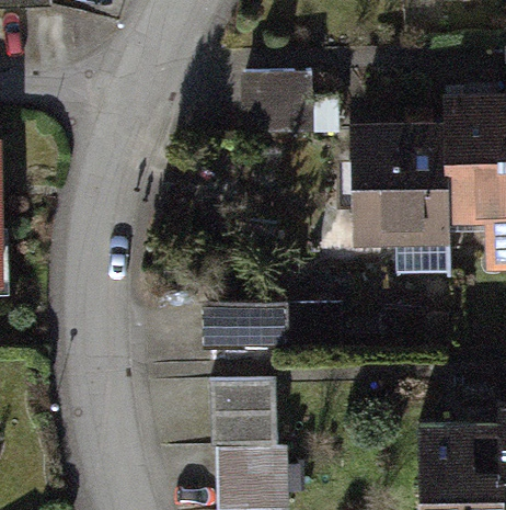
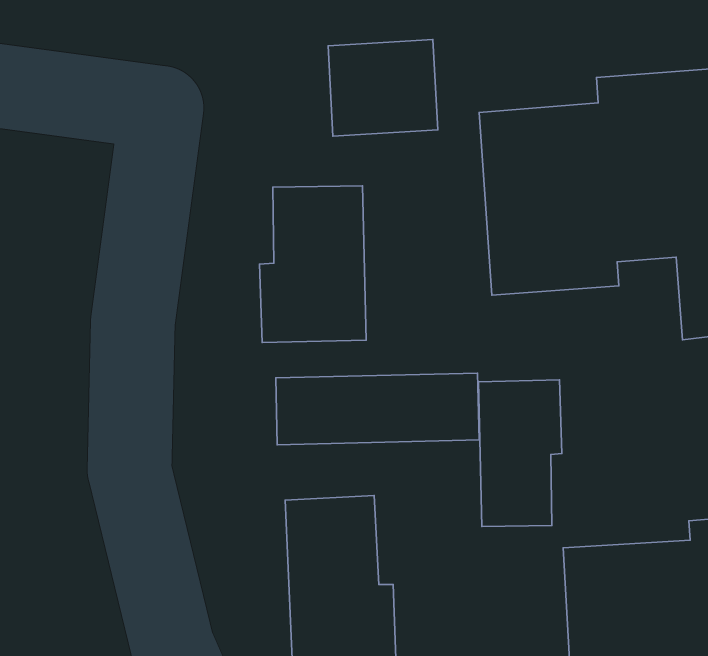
building: none -> [259,186,366,343]
building: none -> [478,380,562,526]

